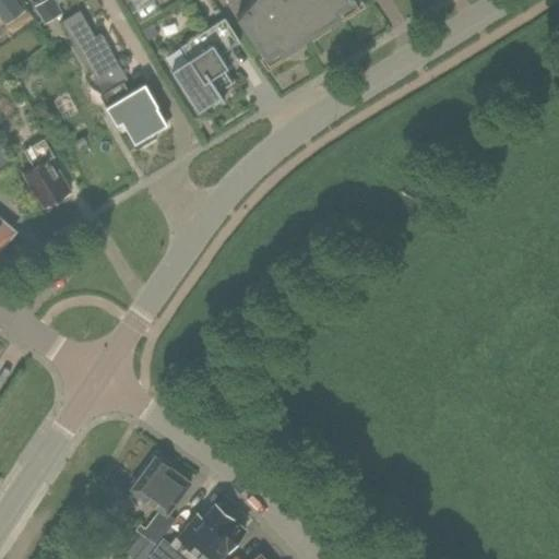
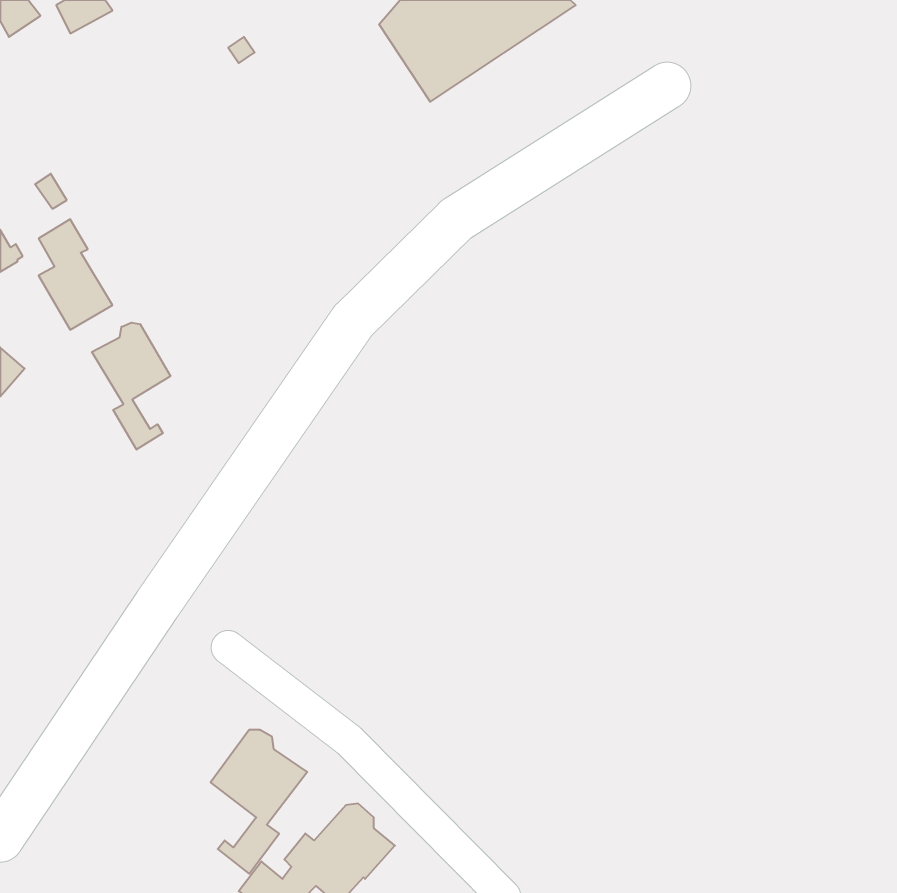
building: [61,11,166,150] -> none
building: [171,19,240,111] -> none
building: none -> [92,323,170,450]

